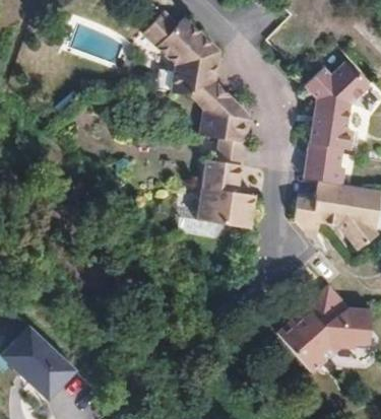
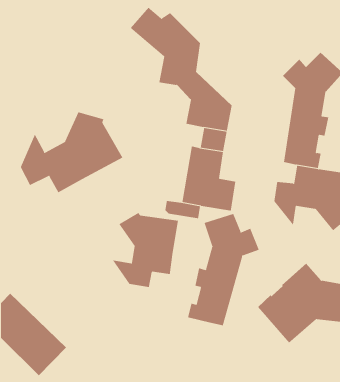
building: none -> [20,112,123,193]
building: none -> [112,212,178,288]
building: none -> [188,213,259,326]

